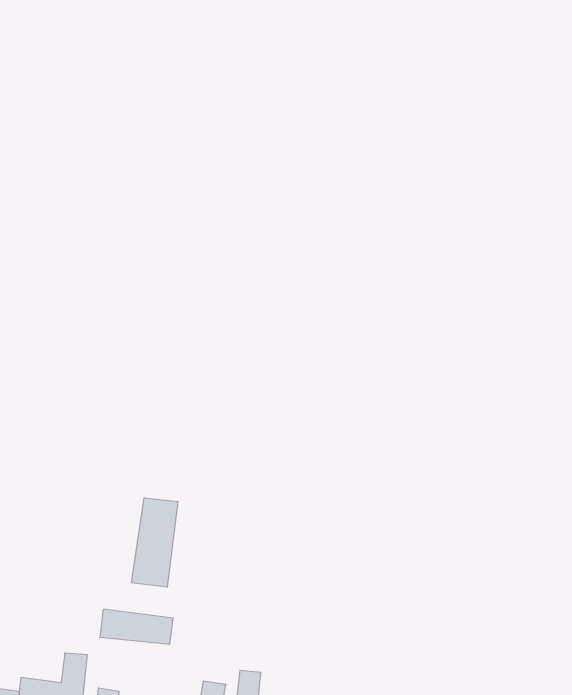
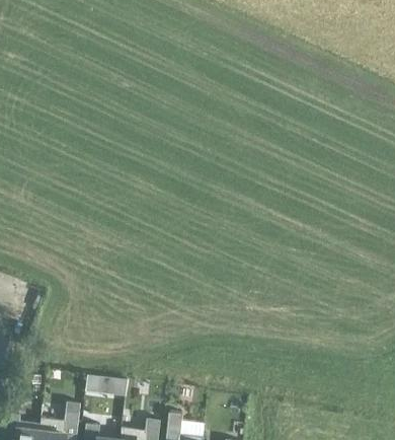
building: [131,498,178,587] -> none

